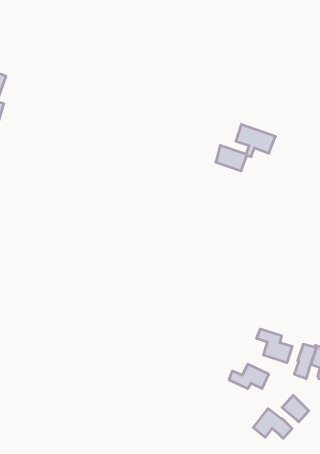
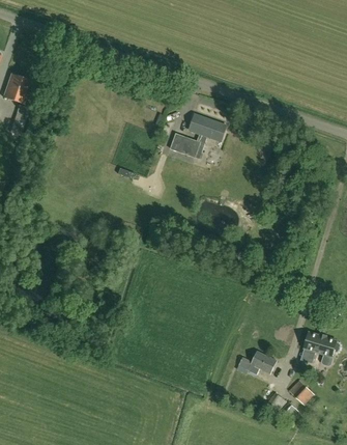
building: [216,124,276,171] -> [171,114,227,158]
building: [257,329,292,363] -> none

